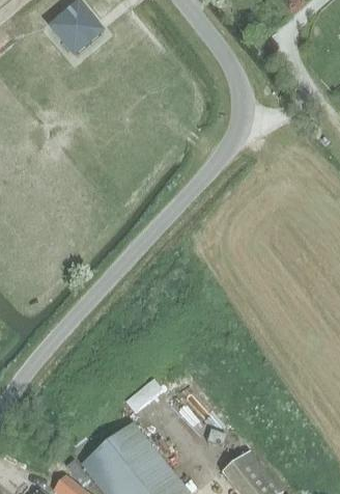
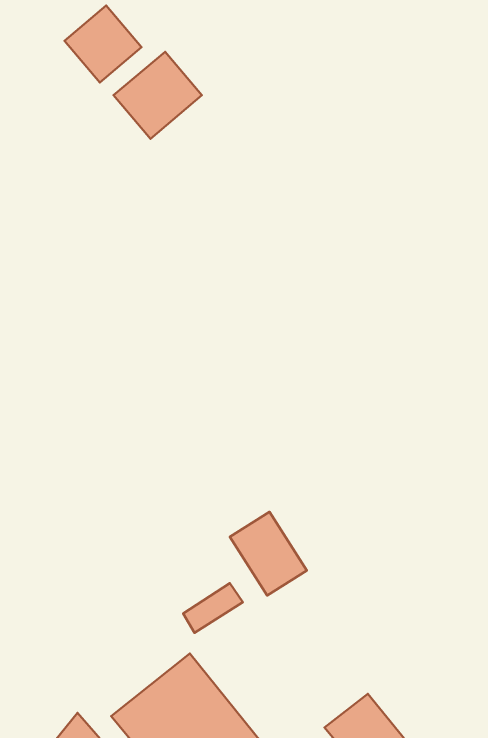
building: none -> [114,52,202,139]
building: none -> [230,512,307,595]

